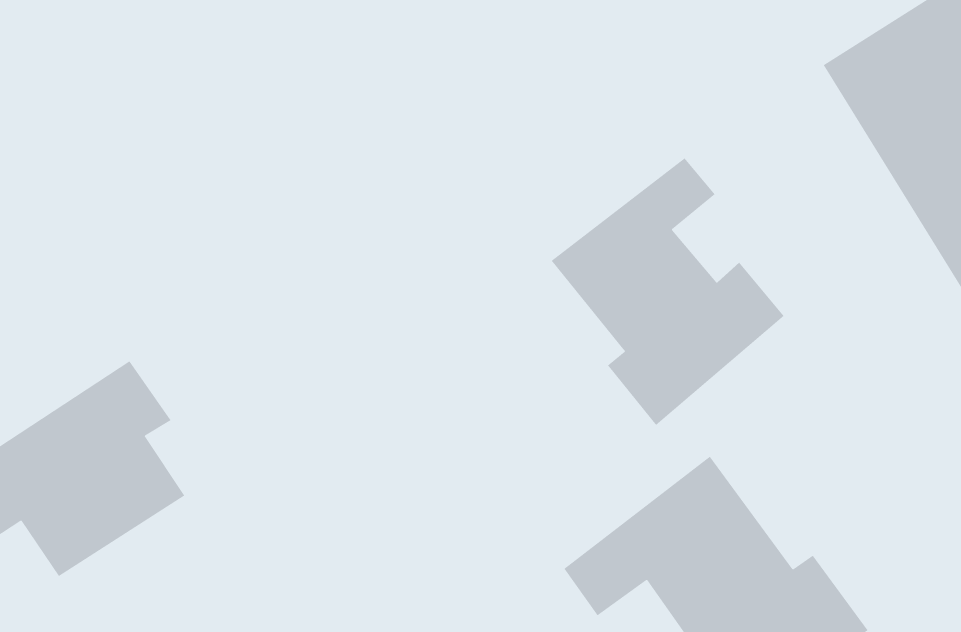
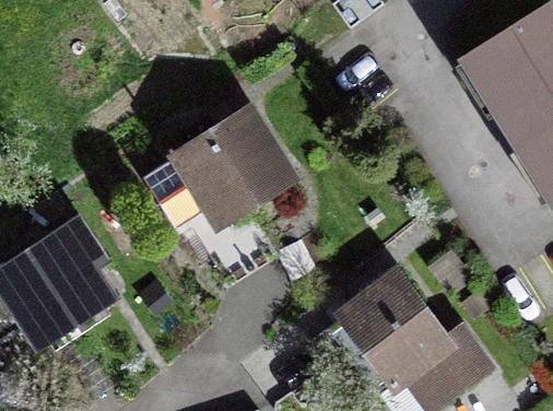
building: none -> [142,96,291,230]
building: [551,158,784,426] -> none

